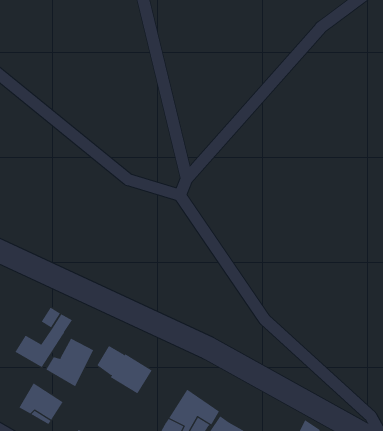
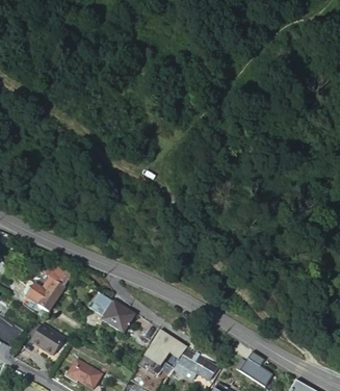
building: [45,338,94,387] -> none

